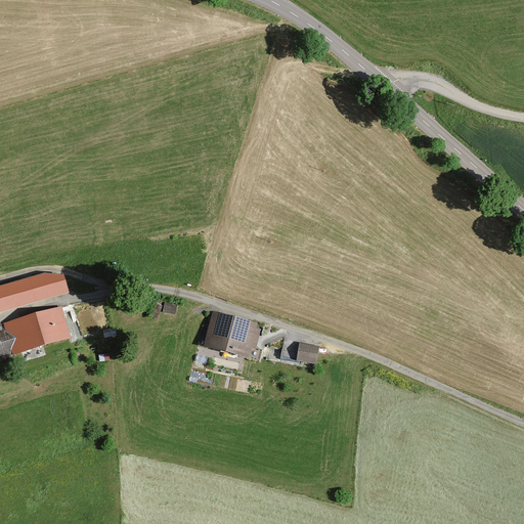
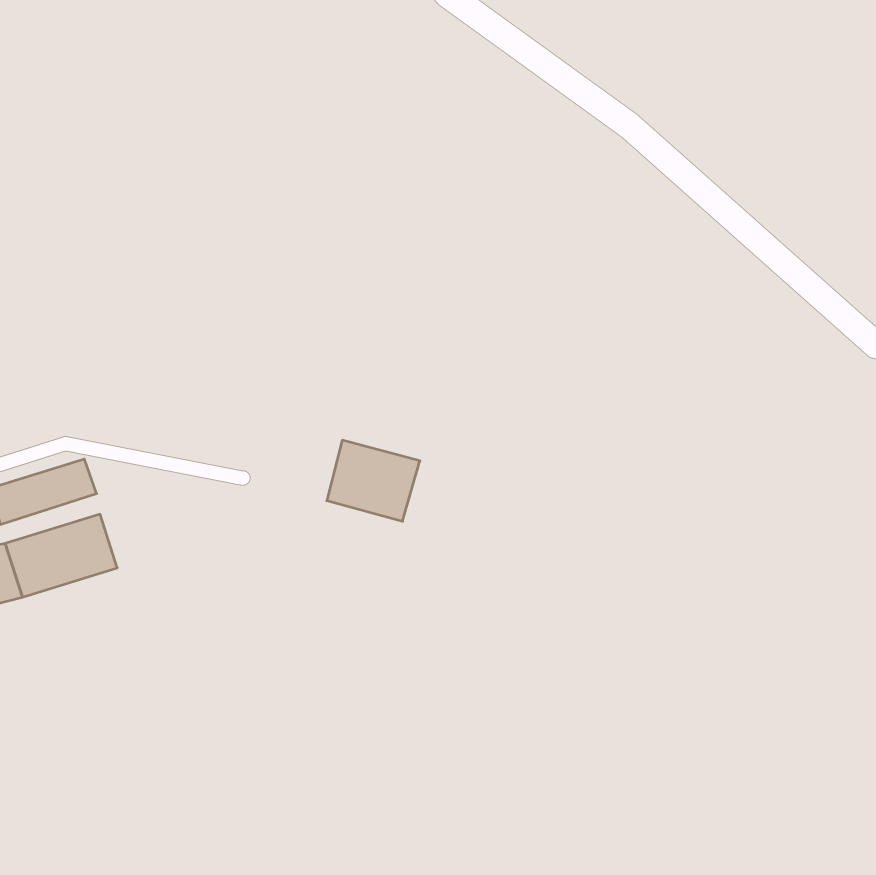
building: [203,310,258,358] -> [327,440,420,521]
building: [296,342,319,363] -> none

